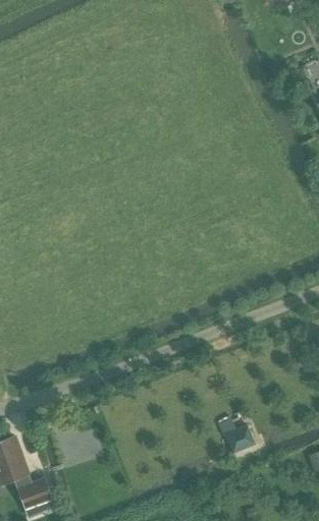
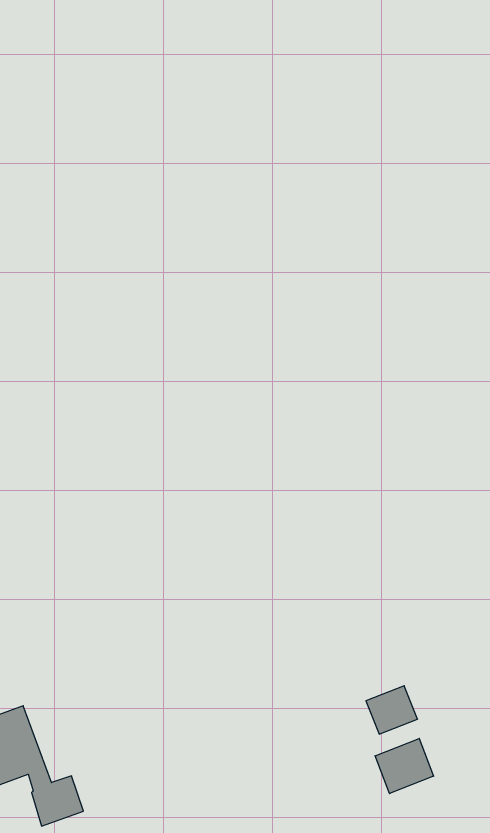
building: none -> [375,738,434,794]

